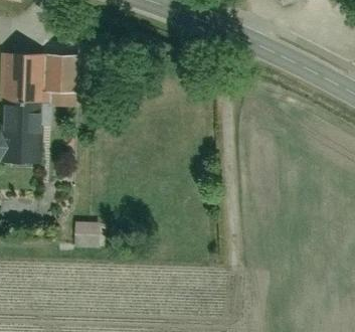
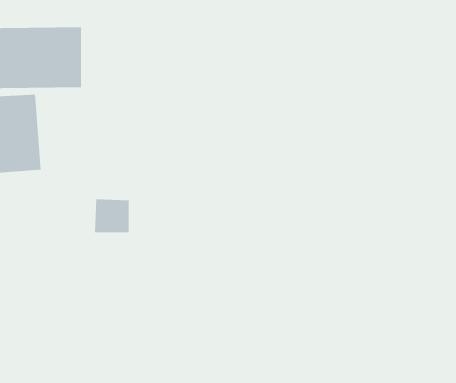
building: [72,223,99,248] -> [94,199,129,233]

